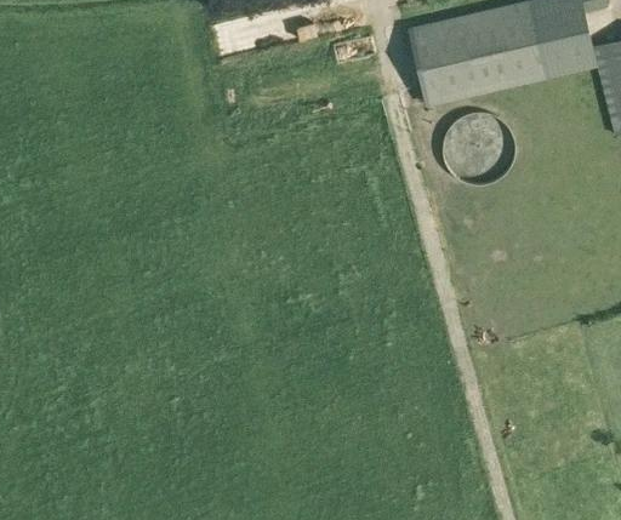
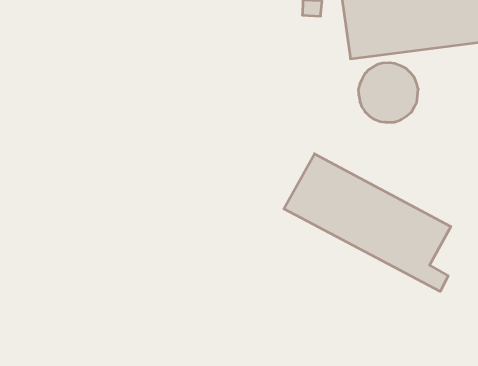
building: none -> [284,154,451,291]

